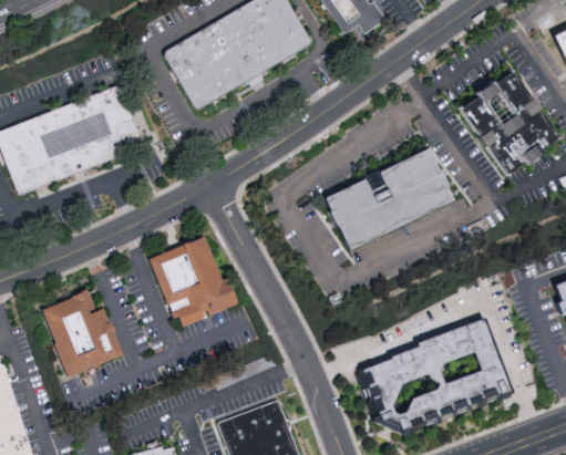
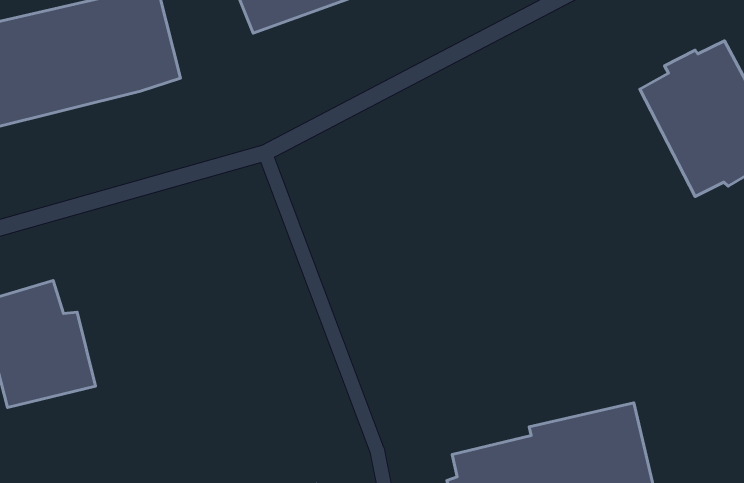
building: [322,147,452,251] -> none
building: [147,237,238,325] -> none

